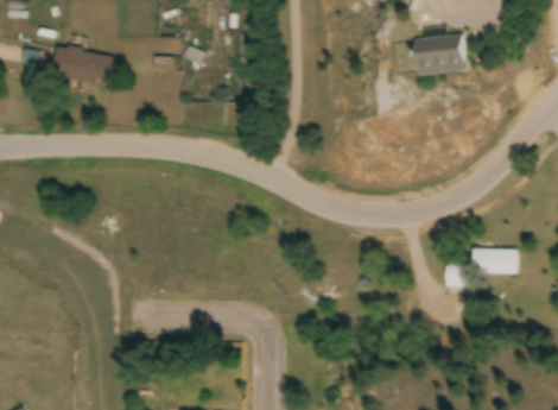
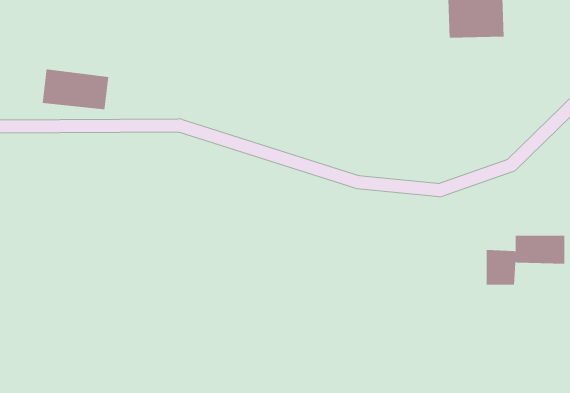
building: [52,46,113,83] -> [42,69,109,110]

